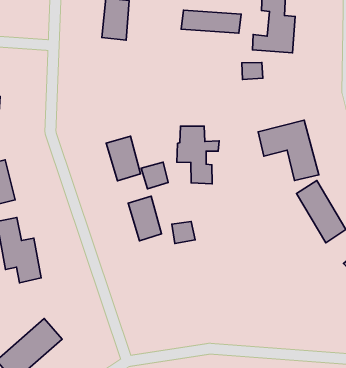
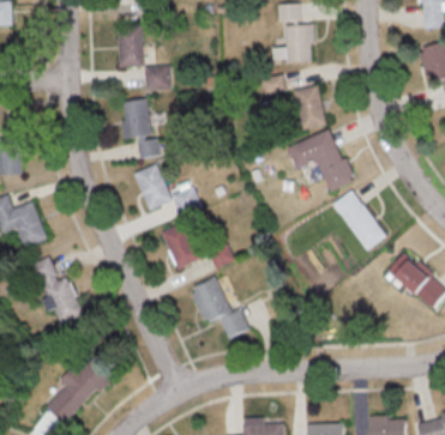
building: [181,10,241,33] -> none
building: none -> [146,65,172,91]
building: none -> [295,86,324,129]
building: [177,126,219,184] -> [121,99,163,158]
building: none -> [190,277,249,340]

